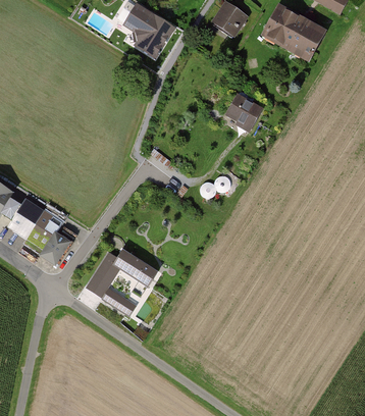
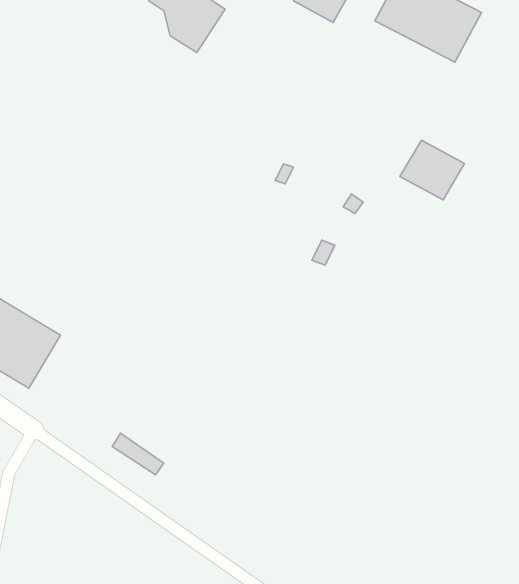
building: [223,93,263,129] -> [400,140,465,200]
building: [87,250,156,295] -> none

